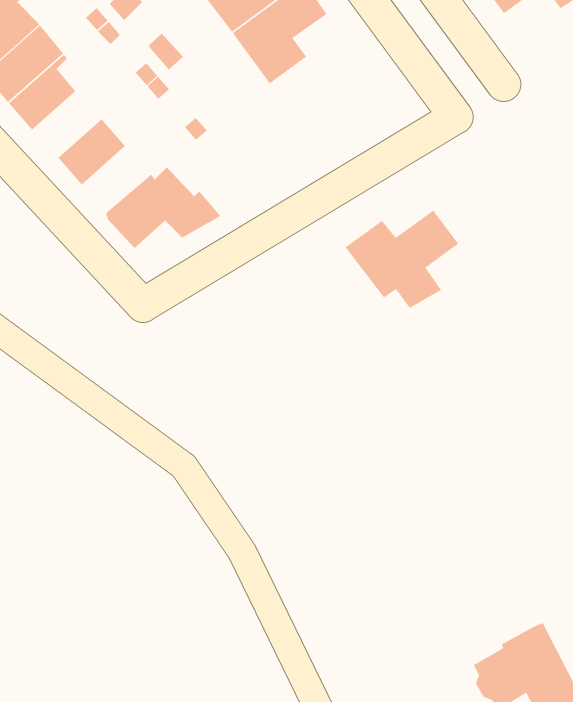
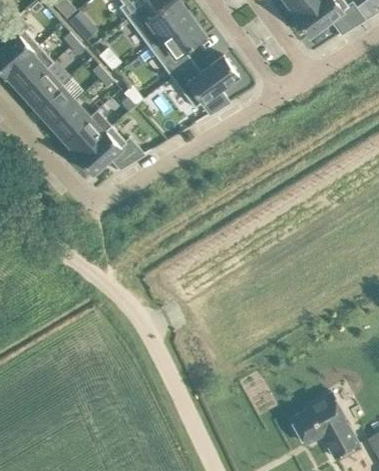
building: none -> [32,81,73,120]
building: none -> [61,113,102,152]
building: [345,210,459,309] -> [171,55,239,113]

